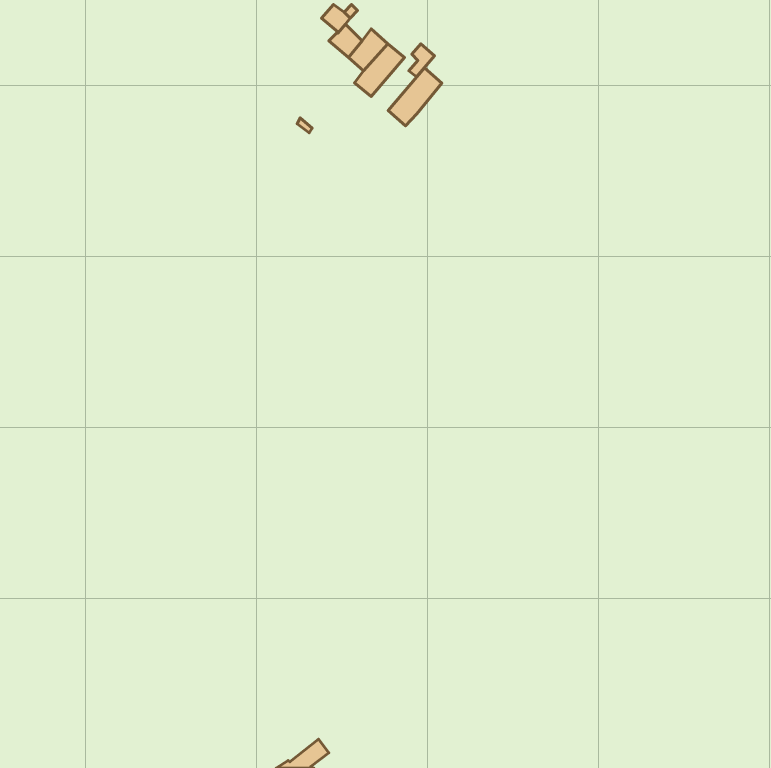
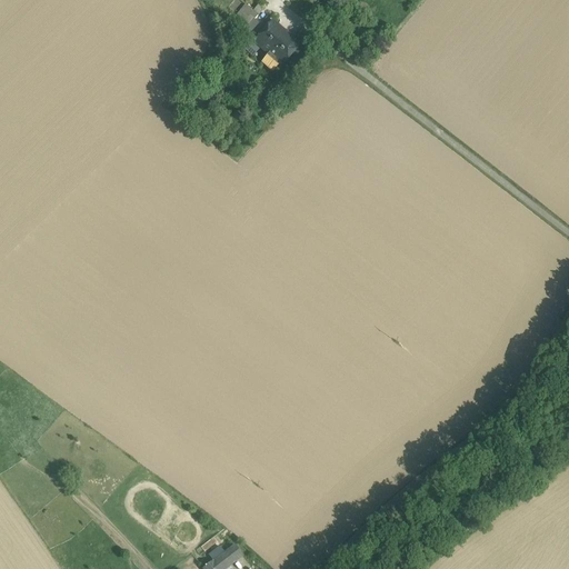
building: [388,68,442,126] -> none

